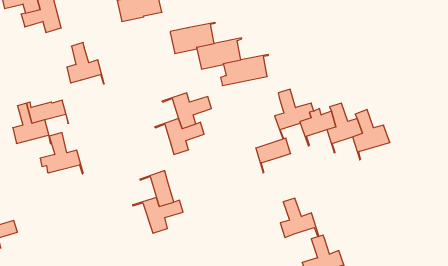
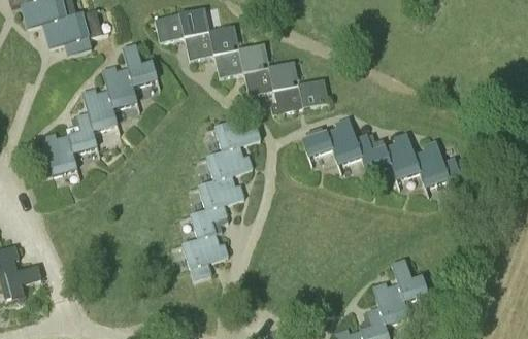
building: none -> [184,26,234,60]
building: none -> [117,44,160,91]
building: [40,133,83,174] -> [71,89,120,135]
building: [256,138,291,173] -> [302,128,341,167]
building: none -> [188,181,243,225]
building: [280,198,319,238] -> [388,260,431,304]

